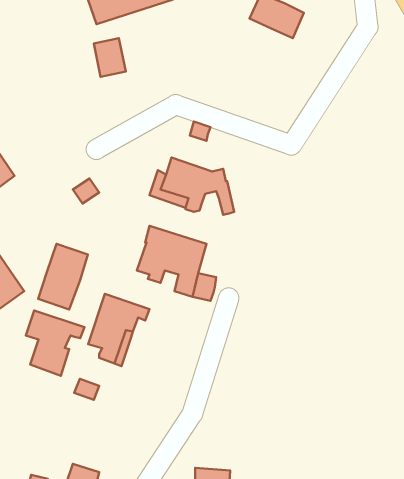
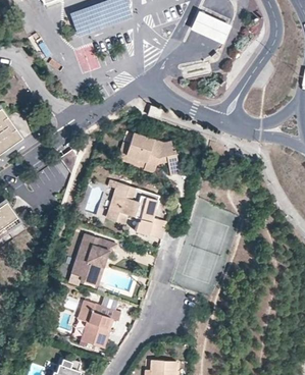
building: [38,244,88,310] -> none
building: [26,310,84,376] -> [78,301,120,349]

